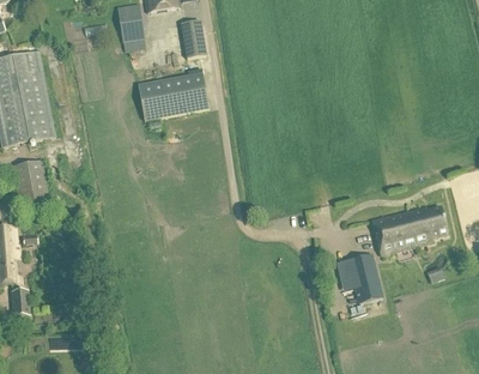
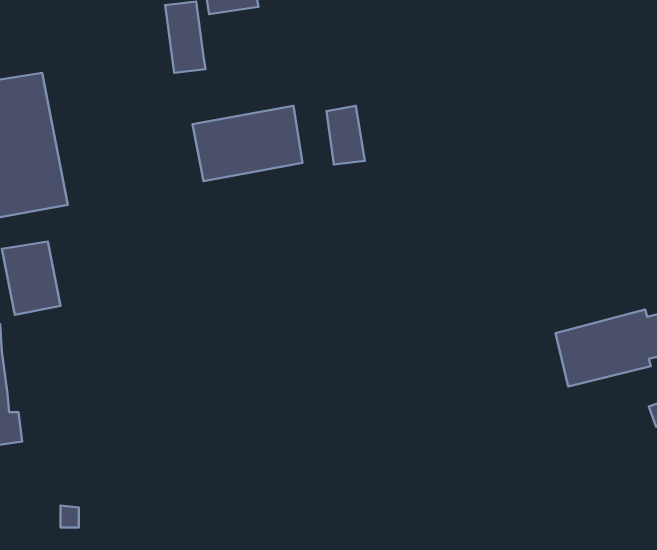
building: [180,19,205,58] -> [326,106,365,165]
building: [345,252,381,302] -> none

